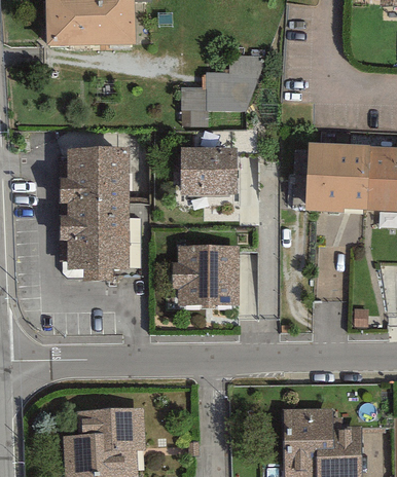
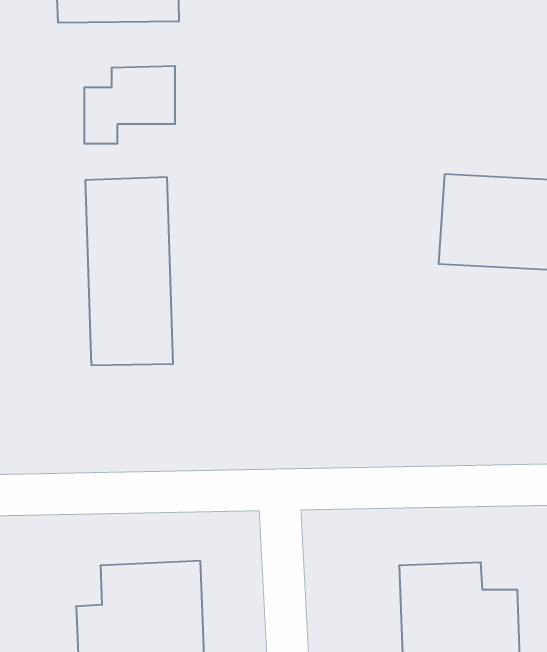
building: [182,68,244,120] -> [84,66,175,144]
building: [181,148,239,192] -> none
building: [175,246,236,302] -> none

